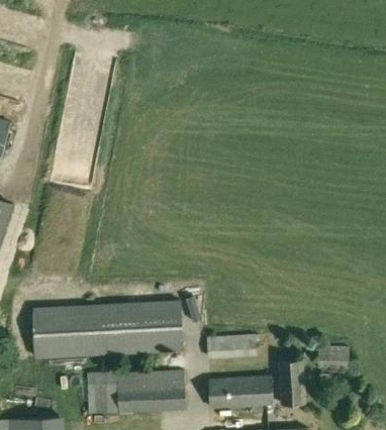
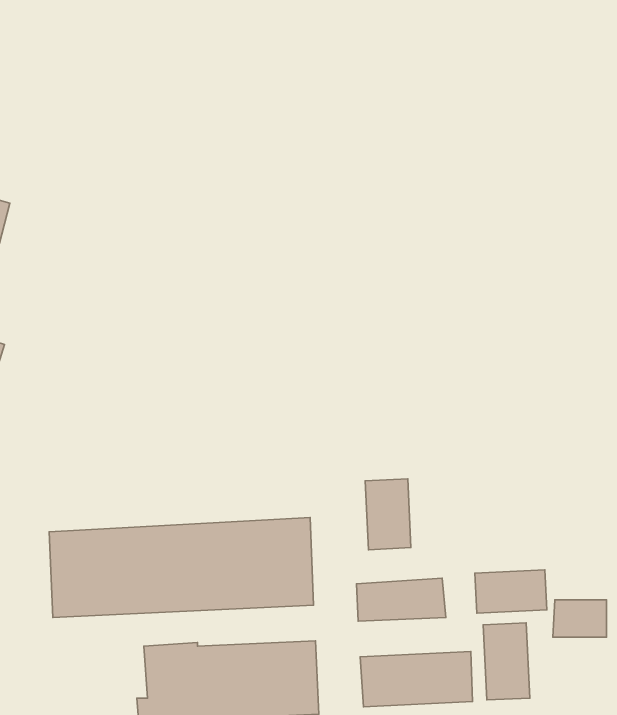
building: none -> [365,479,411,550]
building: none -> [475,570,547,613]

